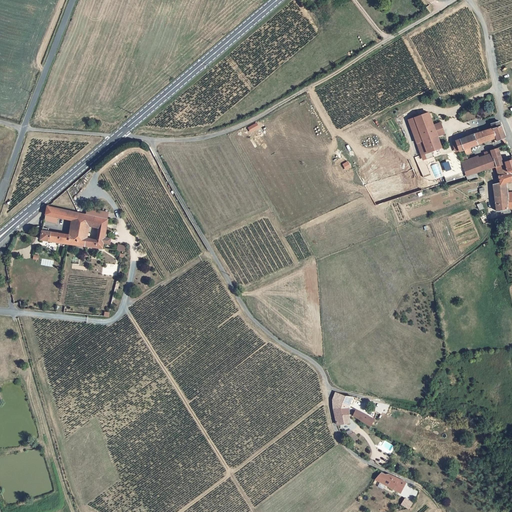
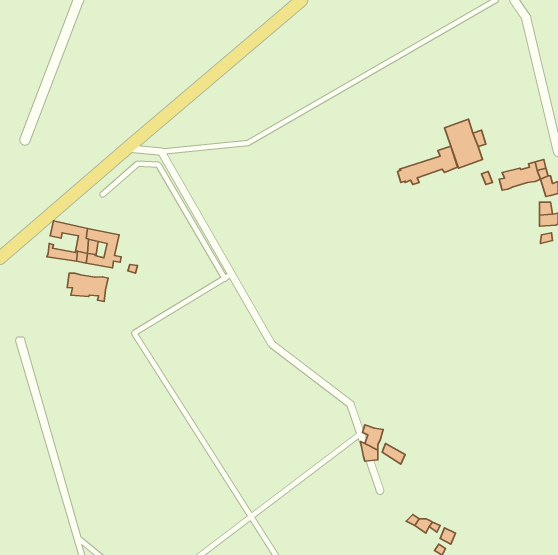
building: [452,120,507,155] -> [397,146,457,185]
building: none -> [67,273,108,301]

